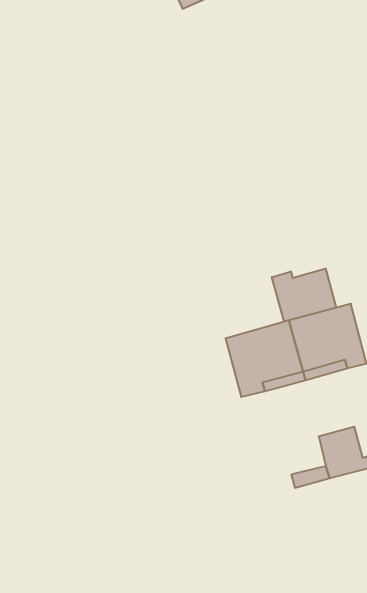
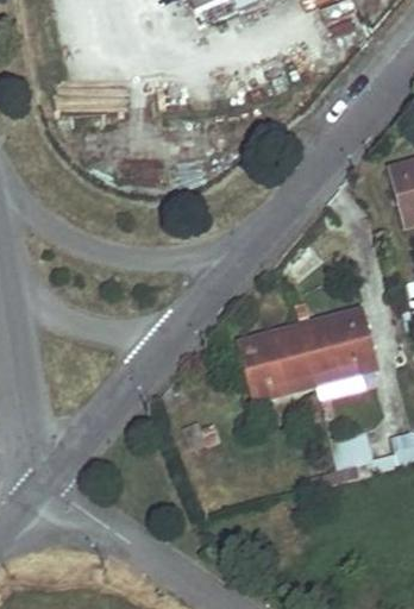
building: [272,268,336,322] -> none

